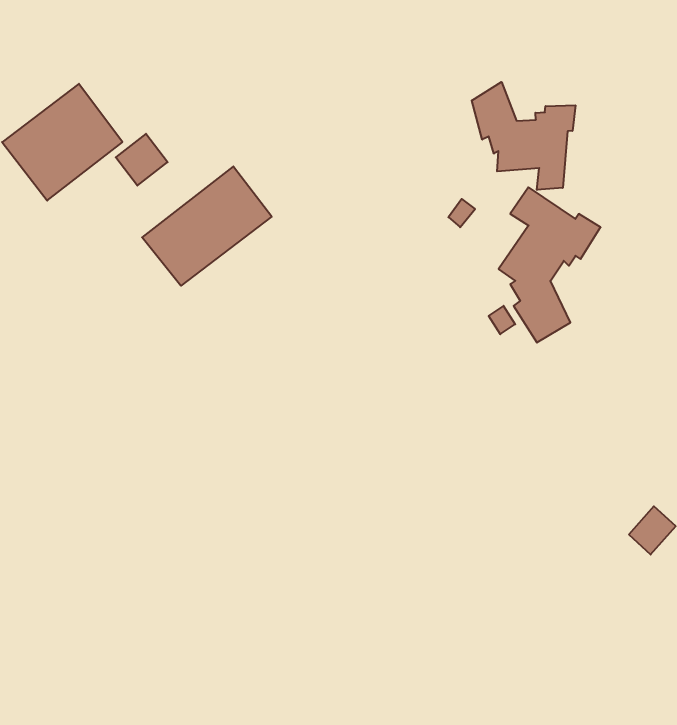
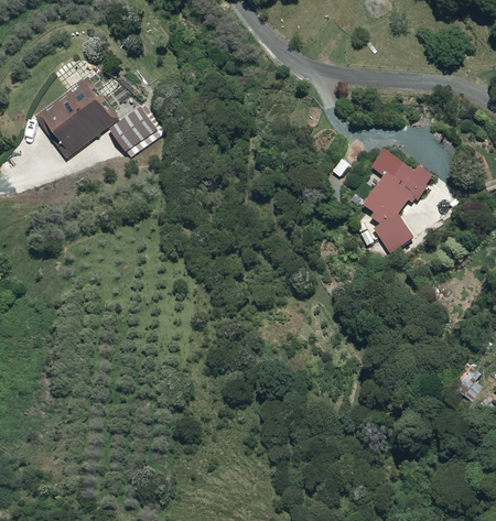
building: [472,82,575,190] -> none
building: [142,166,272,286] -> none

